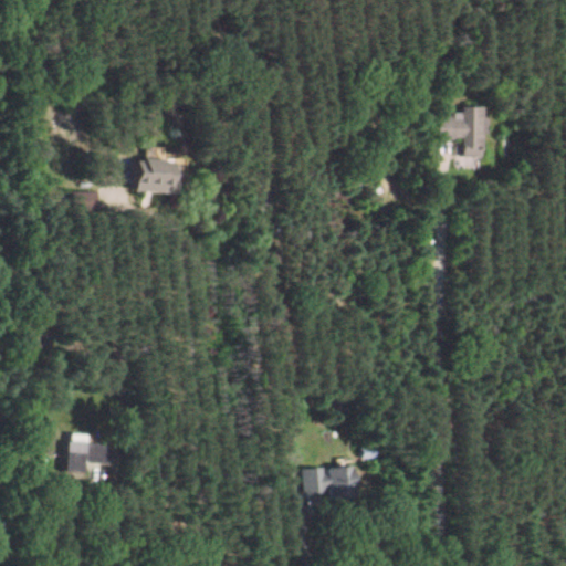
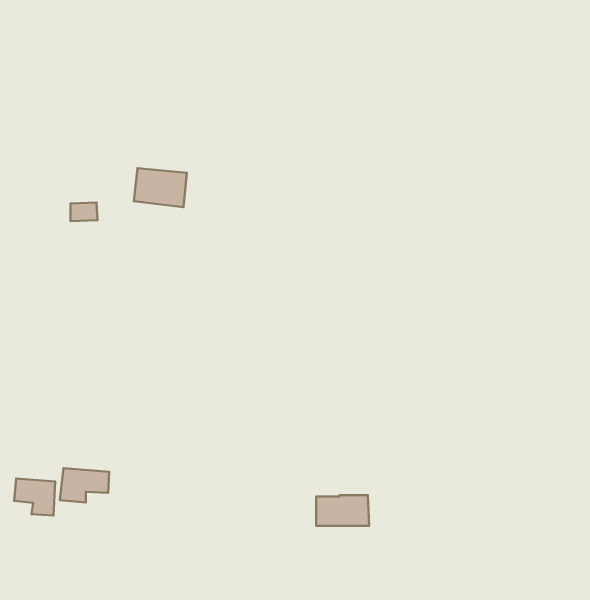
building: [442,106,486,156] -> none
building: none -> [14,478,55,515]

